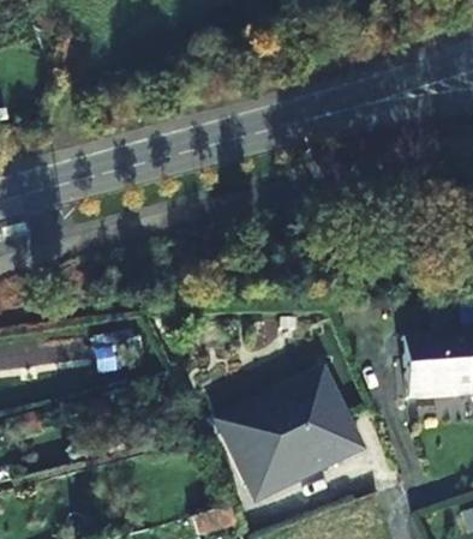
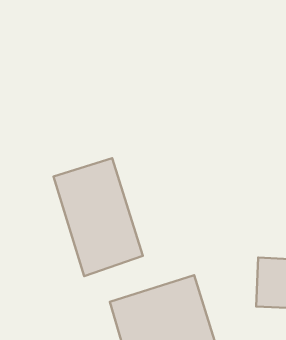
building: none -> [53,158,143,276]

